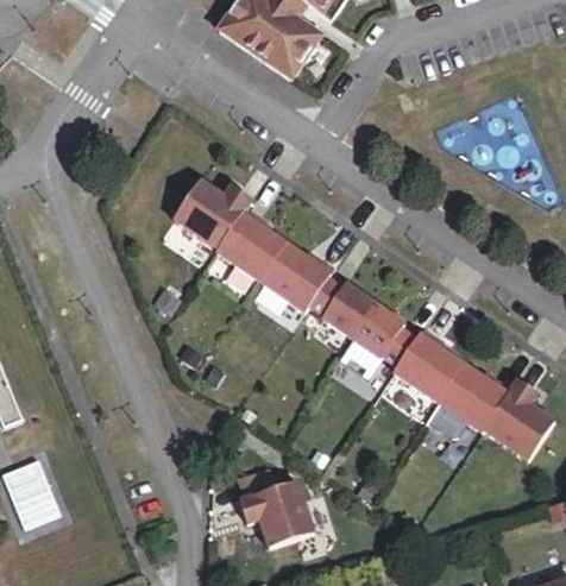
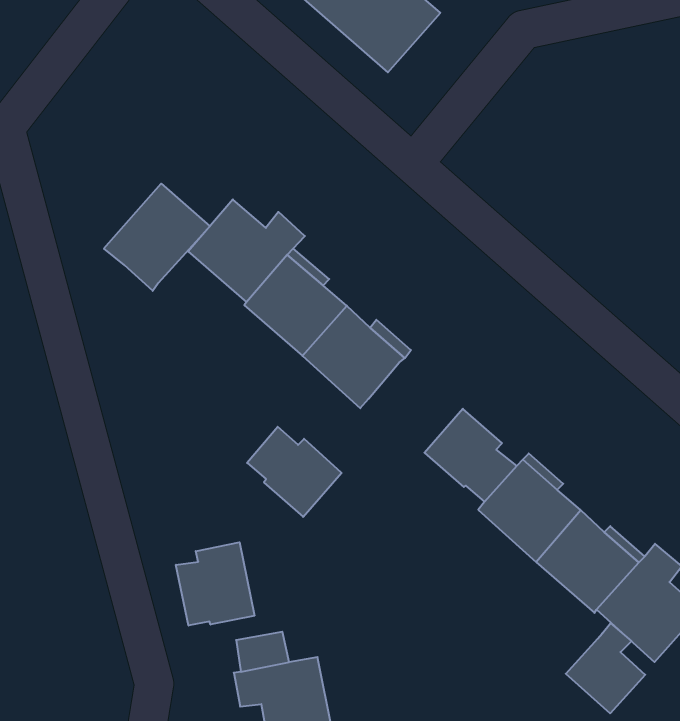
building: none -> [104,184,210,291]
building: [308,276,373,335] -> [247,427,342,517]
building: none -> [176,542,254,626]
building: none -> [566,623,645,713]

